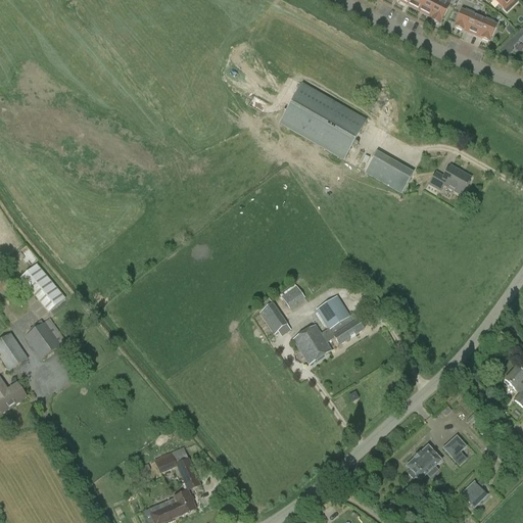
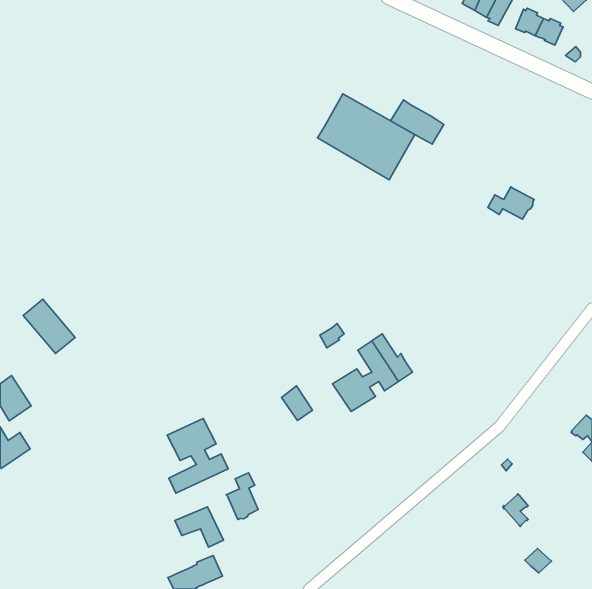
building: [365,152,412,191] -> [391,100,444,144]
building: [259,301,287,332] -> [281,386,313,421]
building: [25,317,66,359] -> none
building: none -> [167,418,228,493]
building: none -> [226,473,258,520]
building: [407,444,441,479] -> none

